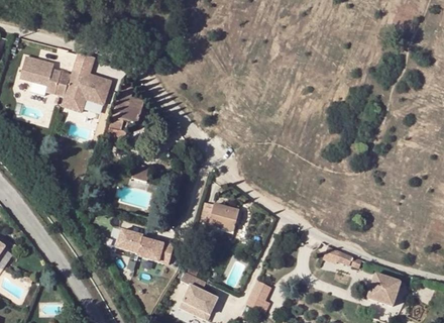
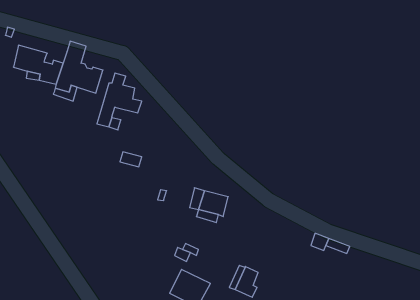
building: [116,229,177,264] -> none
building: [367,273,401,306] -> none

